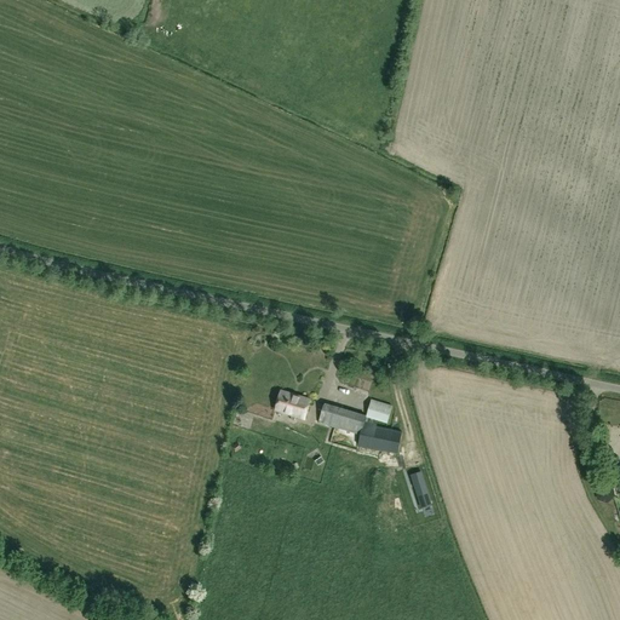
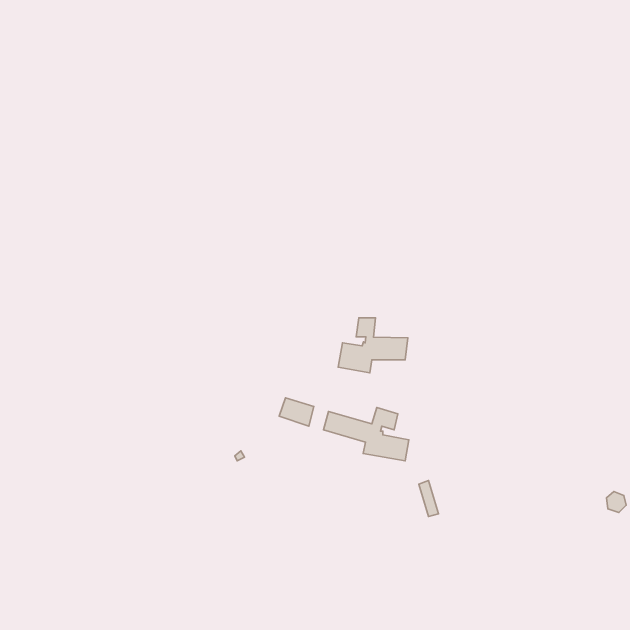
building: none -> [338,318,408,373]

